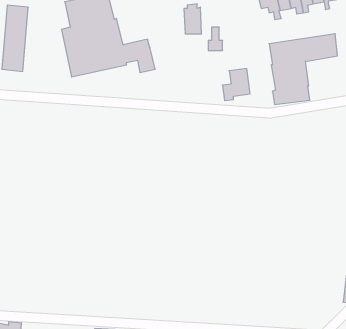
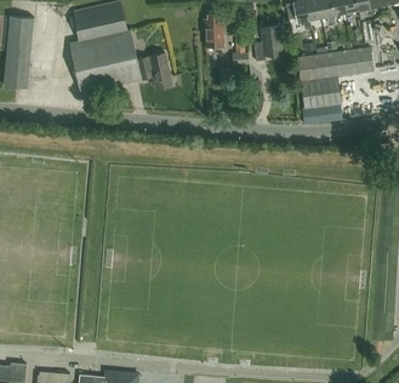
building: [222,69,250,101] -> [253,25,284,61]

